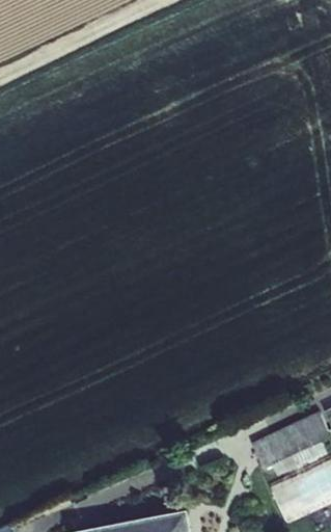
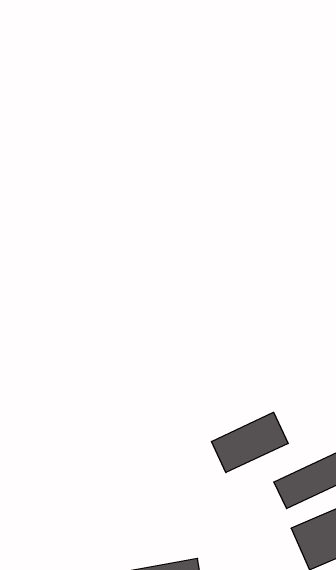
building: none -> [212,412,288,473]

